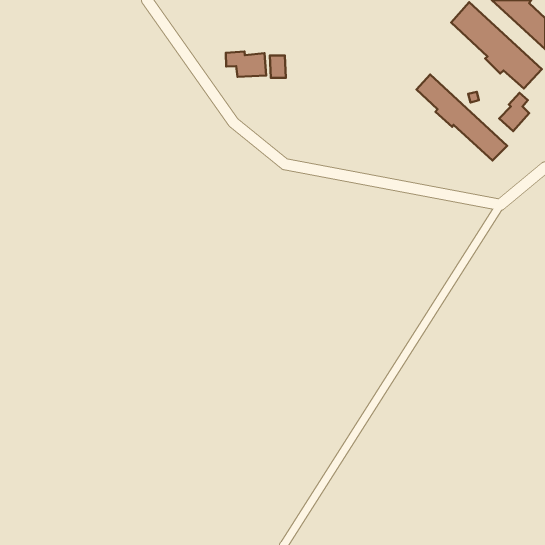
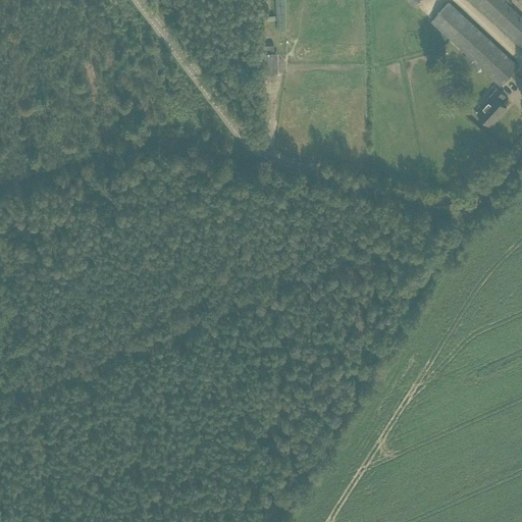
building: [226,52,266,77] -> none
building: [417,74,507,161] -> none

